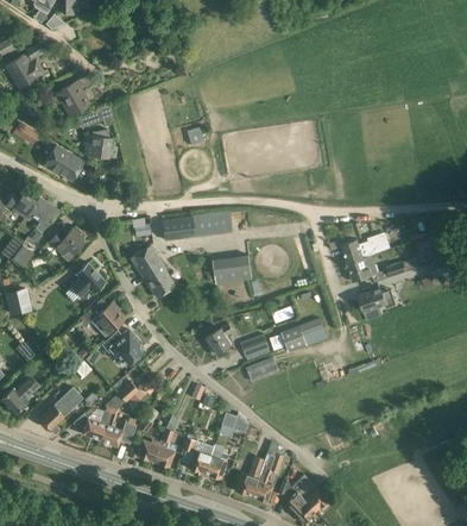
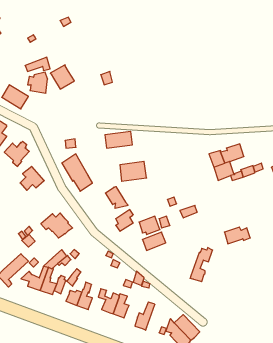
building: [56,81,90,115] -> [50,65,74,89]
building: [163,217,195,240] -> none
building: [359,288,396,312] -> [224,227,250,244]
building: none -> [105,187,128,208]
building: [80,301,124,336] -> none
building: [251,452,283,501] -> [190,248,213,282]

